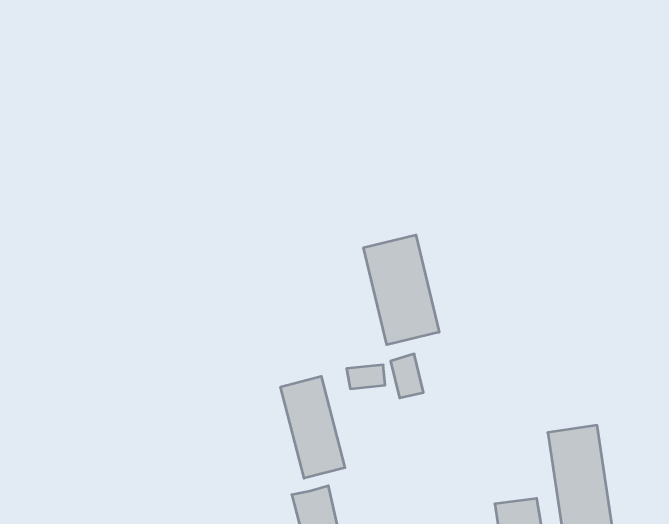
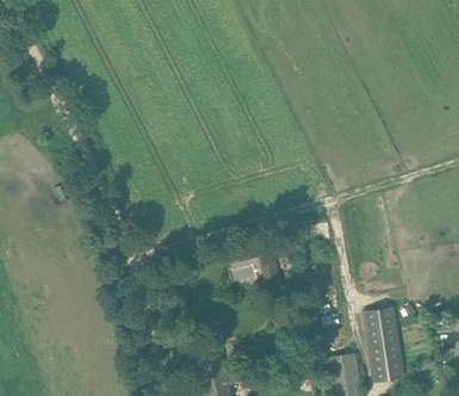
building: [364,235,439,345] -> none
building: [281,376,345,478] -> none

